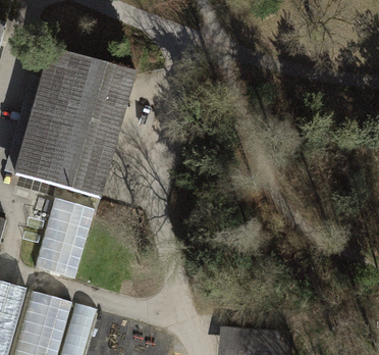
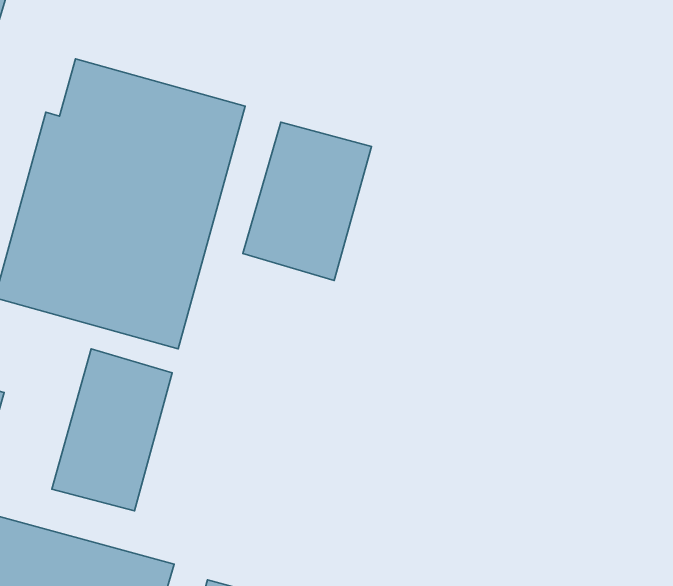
building: none -> [243,122,371,280]

